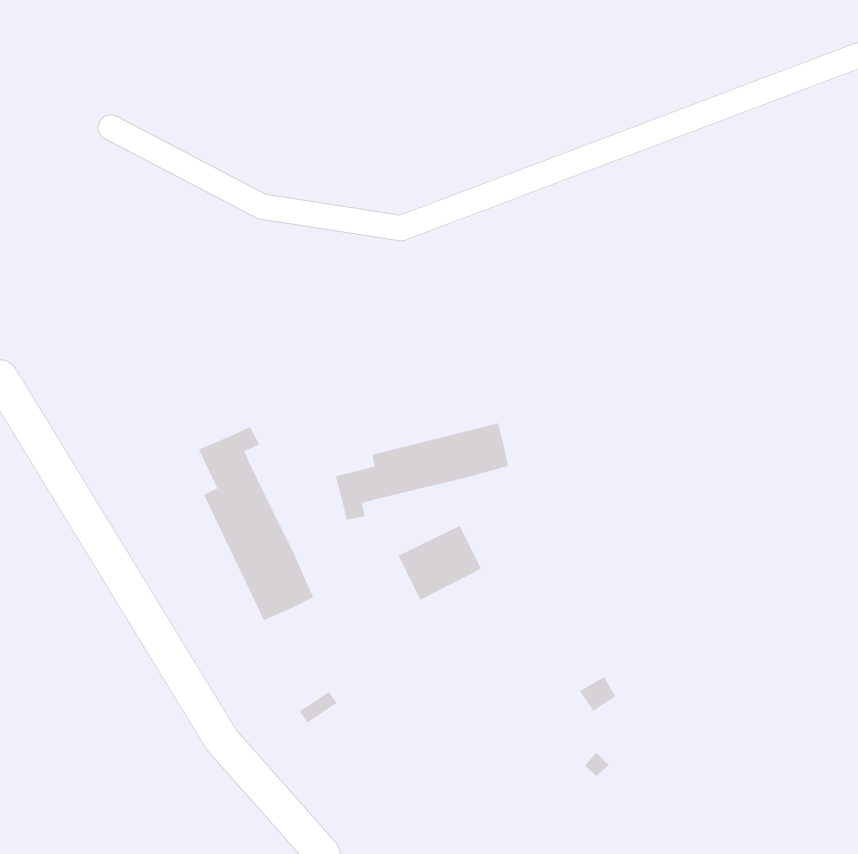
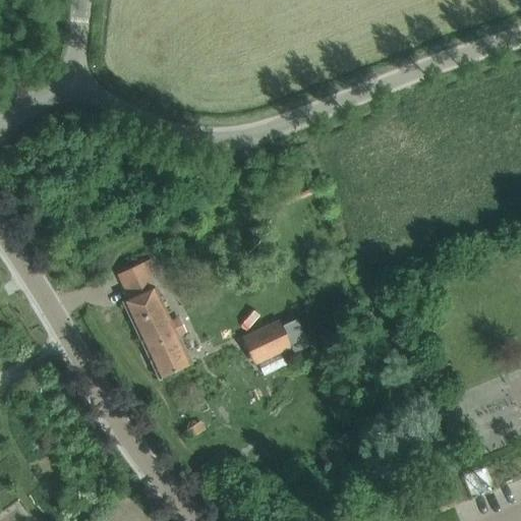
building: [335,423,508,521] -> none

